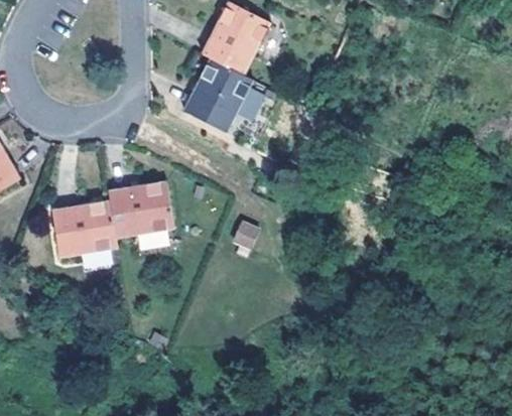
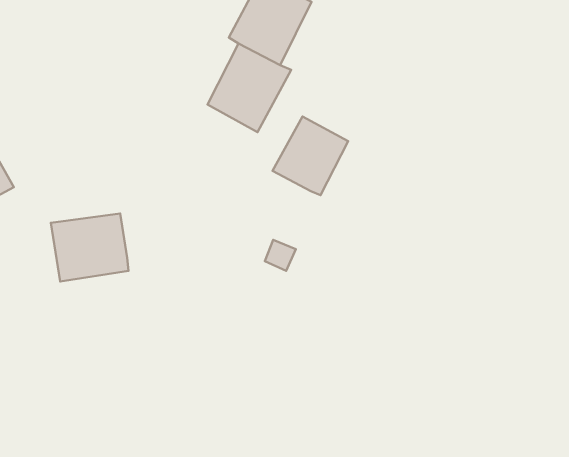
building: none -> [273,116,348,195]
building: [108,181,173,238] -> none

